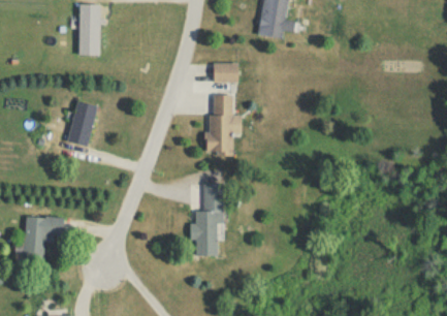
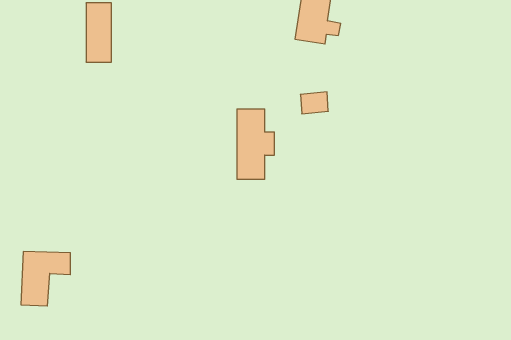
building: [214,64,237,83] -> [300,92,328,114]
building: [68,101,98,148] -> none
building: [189,183,223,256] -> none

